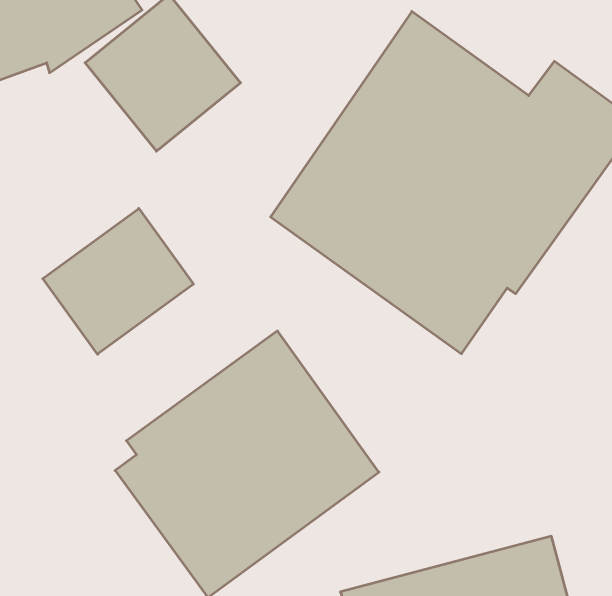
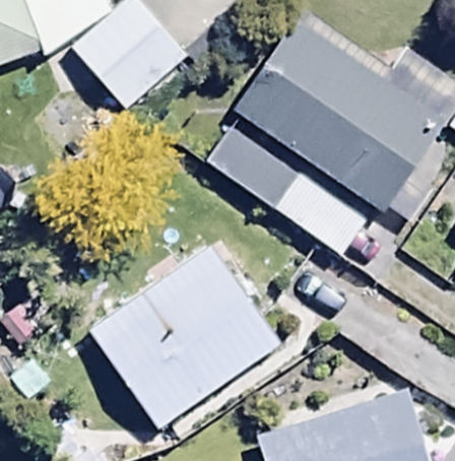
building: [43,208,193,354] -> none

